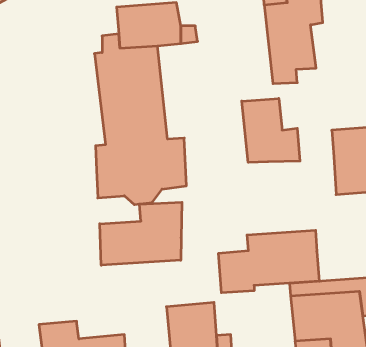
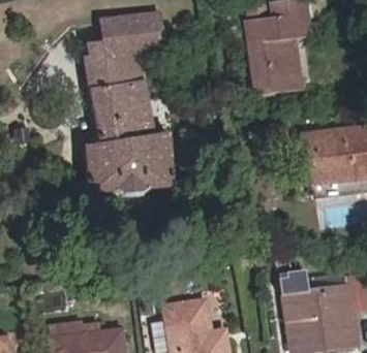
building: [242,98,300,162] -> none
building: [100,202,182,265] -> none
building: [219,230,319,293] -> none

